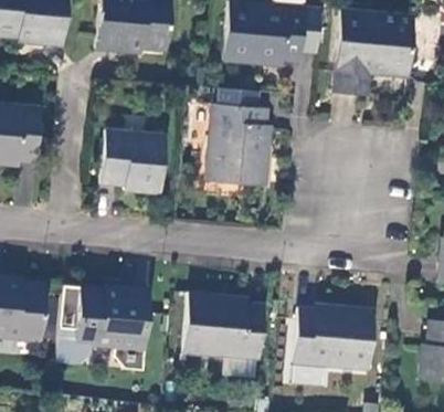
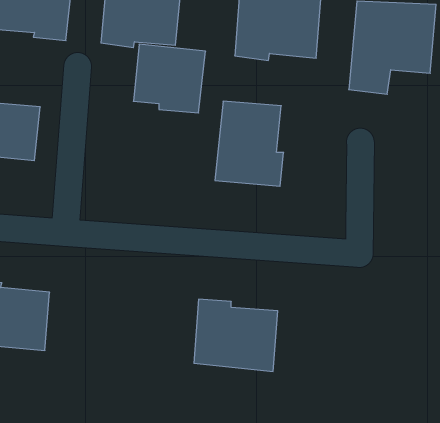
building: [99,131,168,197] -> [133,44,206,113]
building: [55,286,150,372] -> none
building: [295,307,376,371] -> none

